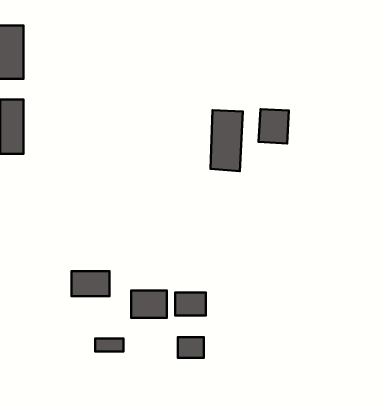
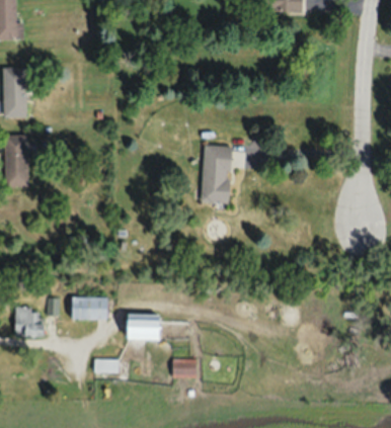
building: [259,109,289,143] -> none
building: none -> [14,309,44,337]
building: [175,292,206,315] -> none

